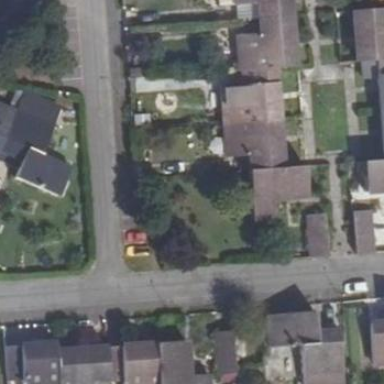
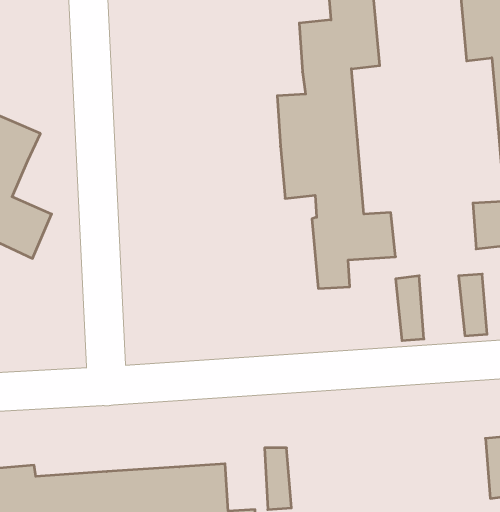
building: [270,307,343,369] -> none

